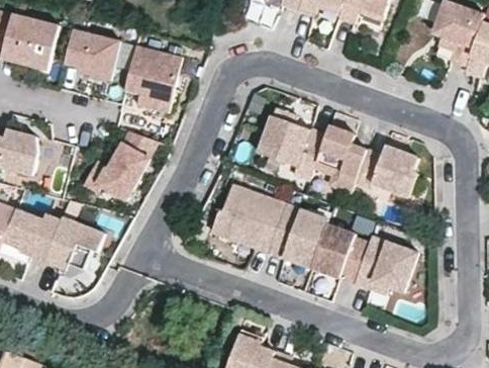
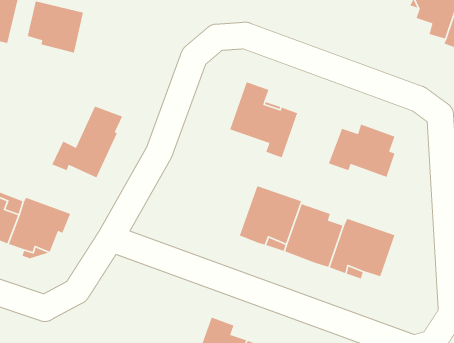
building: [122,47,179,113] -> none
building: [308,125,365,193] -> none
building: [210,184,284,253] -> none

